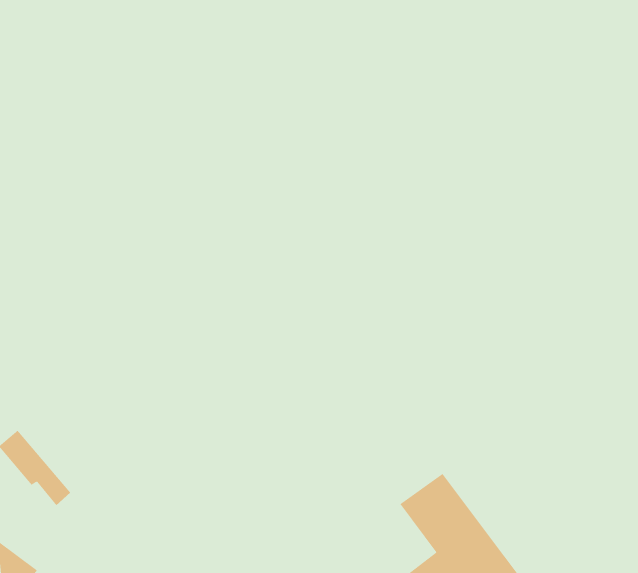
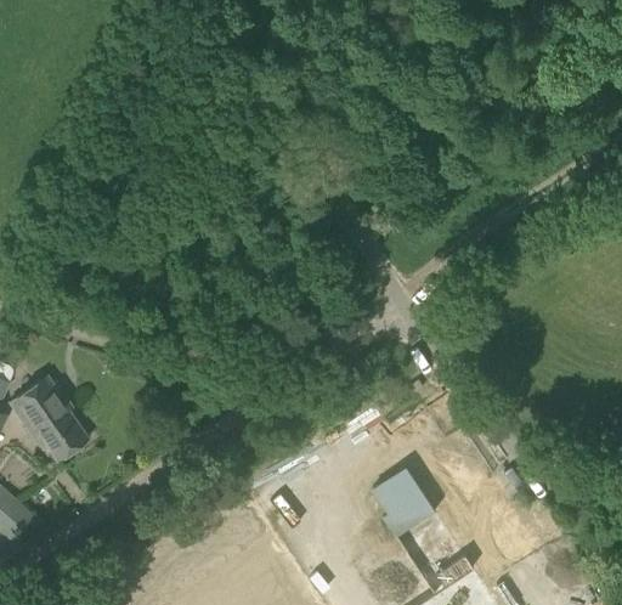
building: none -> [30,379,89,453]

